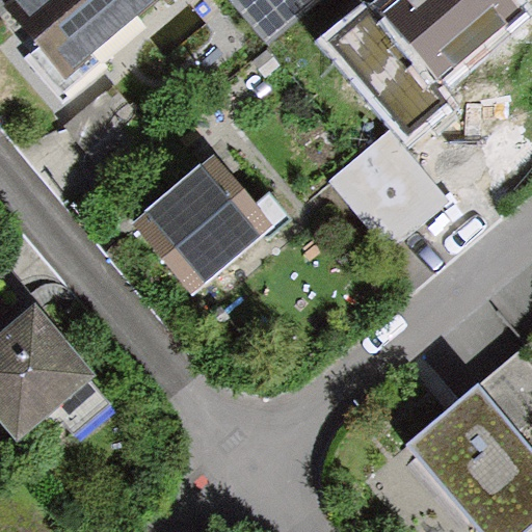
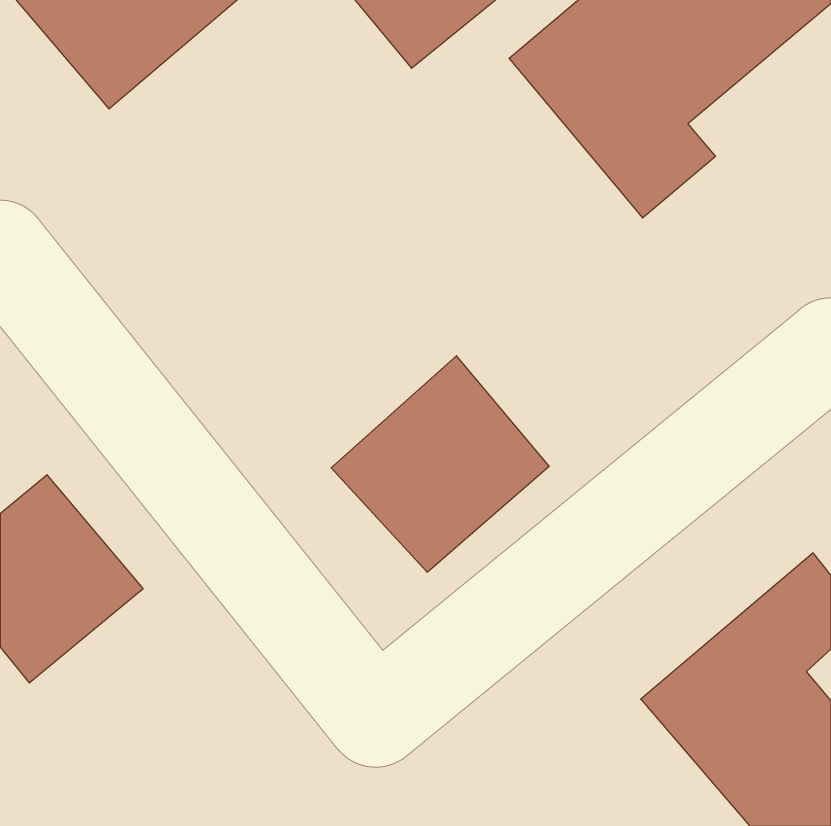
building: [331,131,445,245] -> none
building: [130,154,269,292] -> [331,356,549,572]

